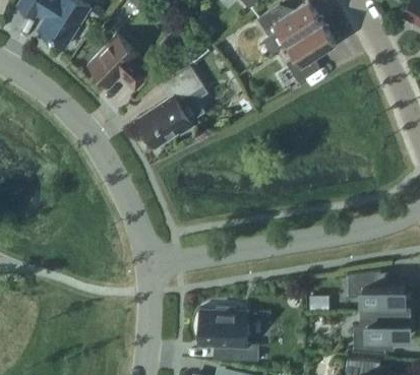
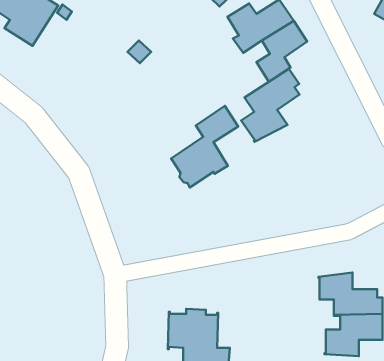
building: [88,35,154,90] -> none
building: [137,67,203,147] -> [171,106,238,187]
building: none -> [241,69,300,142]

